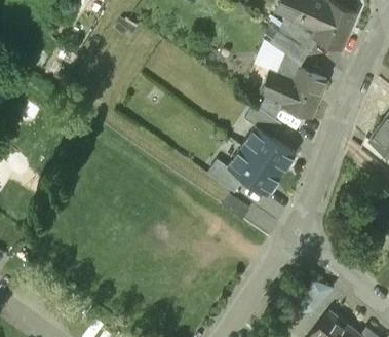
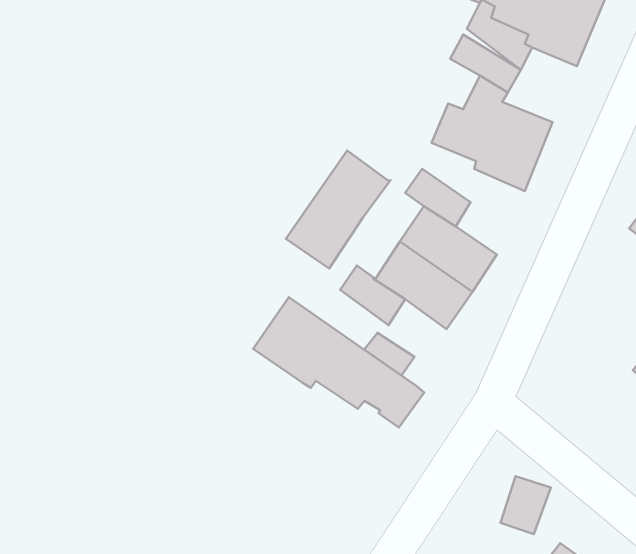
building: none -> [286,150,391,269]
building: none -> [253,297,424,427]

